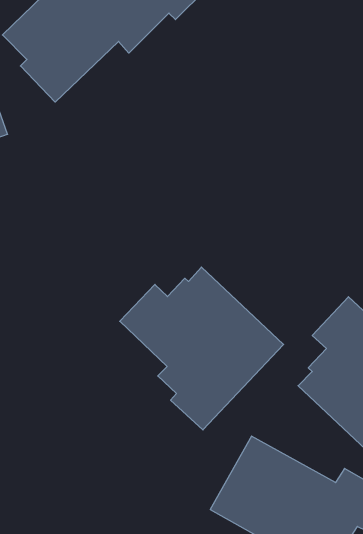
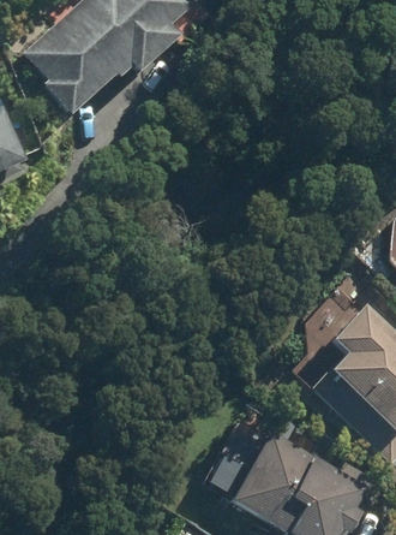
building: [120,267,284,430] -> none

